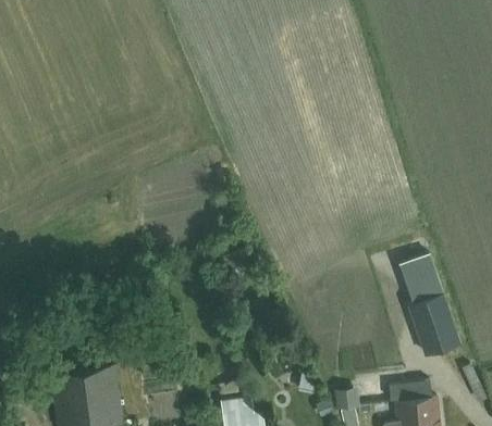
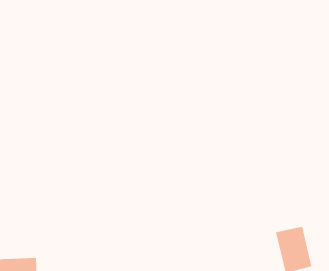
building: [402,253,440,296] -> none

